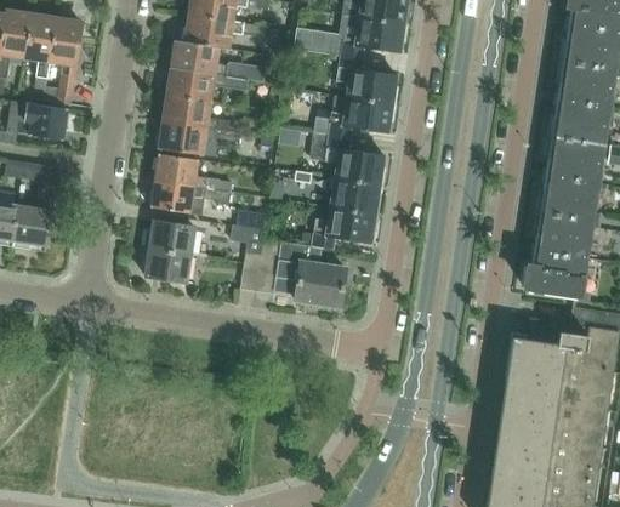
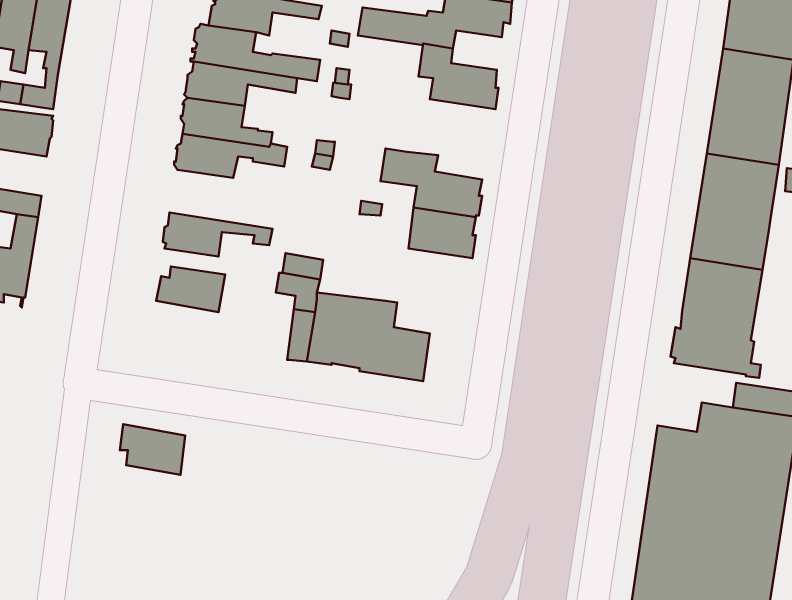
building: [314,96,396,137] -> none
building: [154,153,232,192] -> none
building: [314,206,379,249] -> none
building: [142,245,190,283] -> [120,424,185,475]

